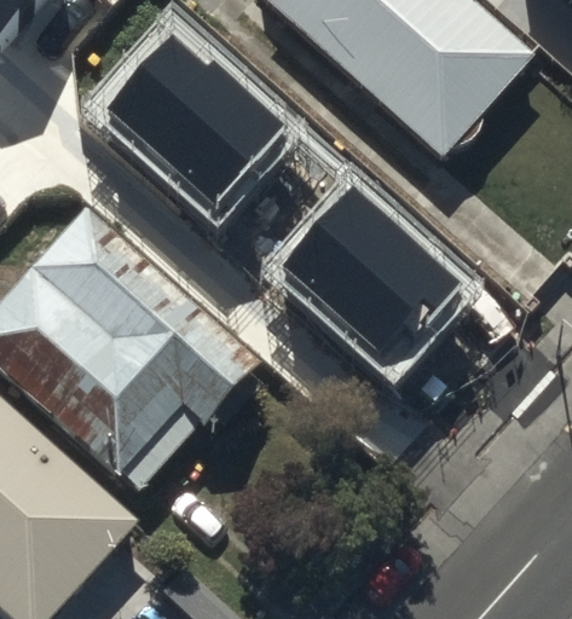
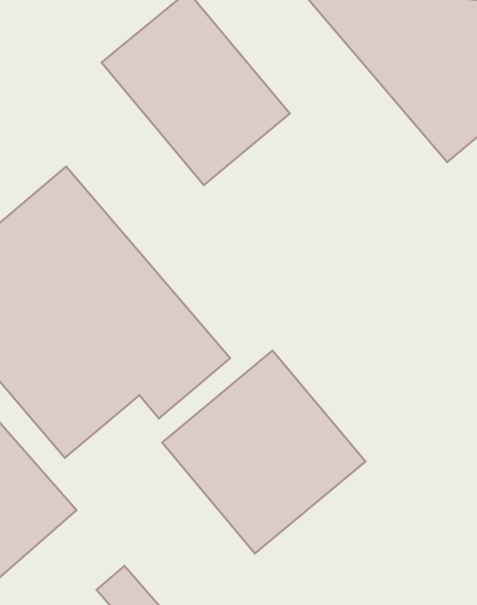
building: [284,191,463,368] -> none
building: none -> [162,351,365,554]

